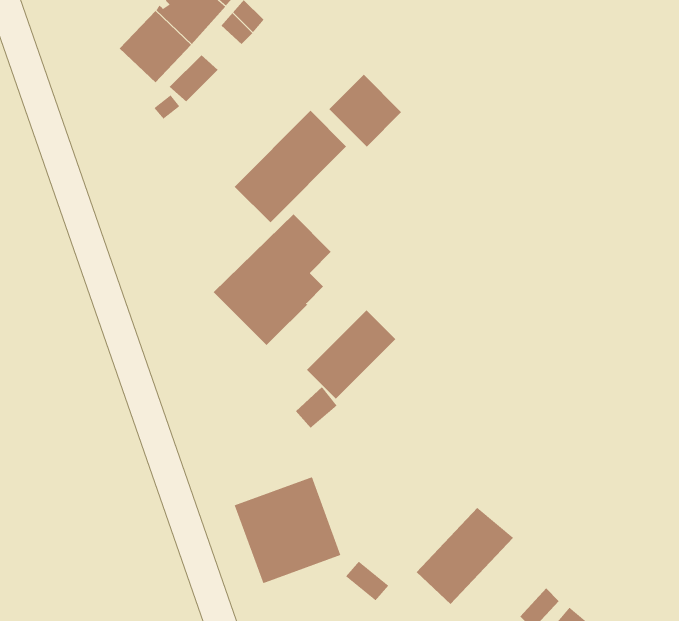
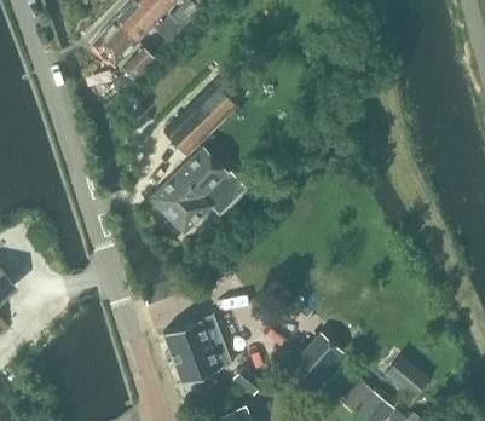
building: [329,74,402,147] -> none
building: [306,310,396,400] -> none
building: none -> [386,353,432,398]

